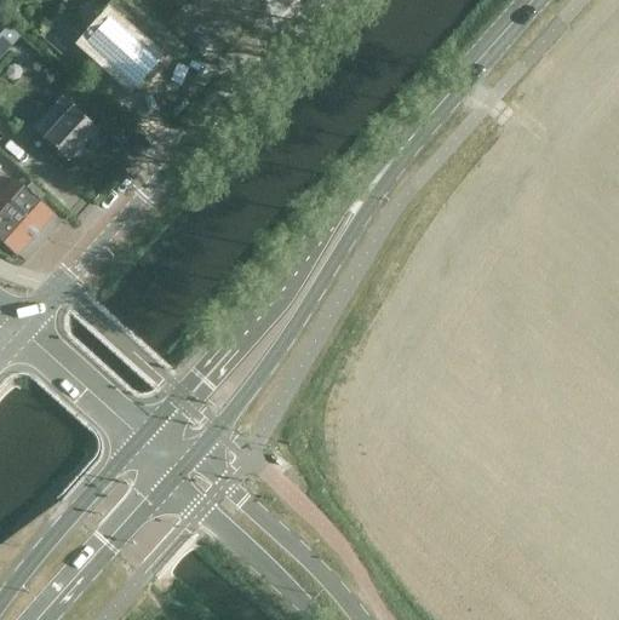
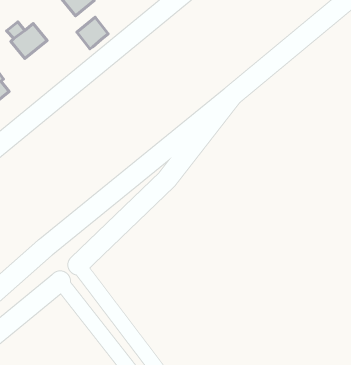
building: none -> [77,17,108,49]

